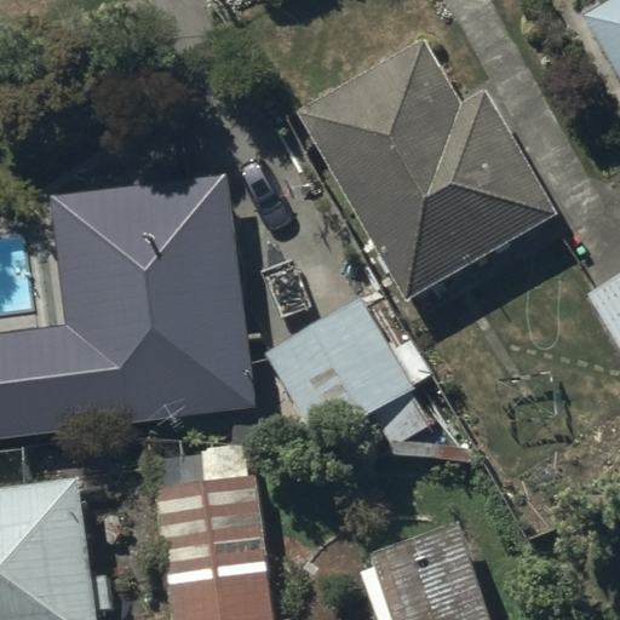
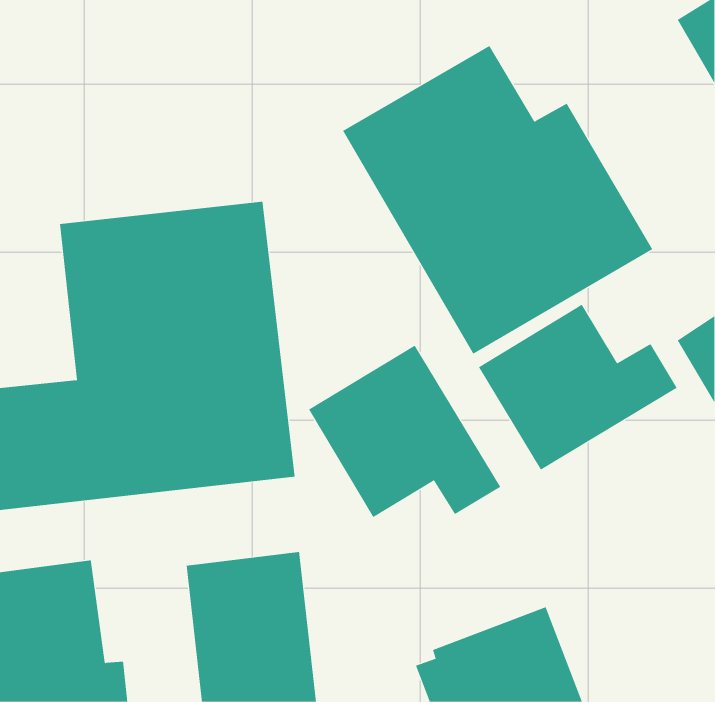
building: none -> [478,304,677,471]

